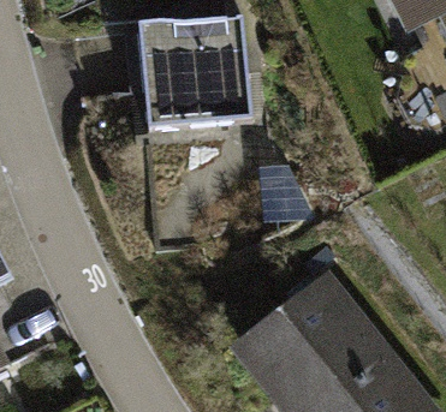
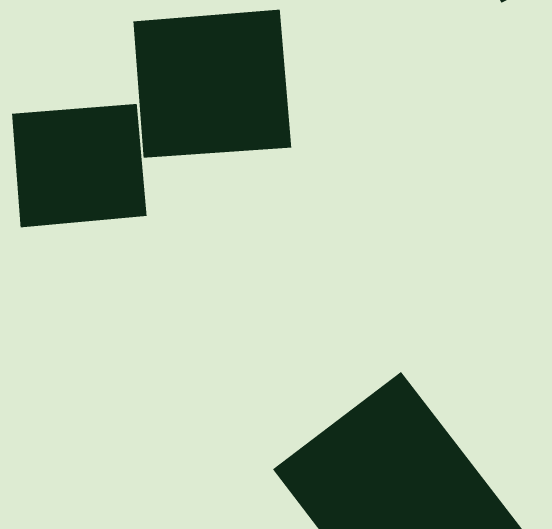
building: none -> [11,103,147,228]

